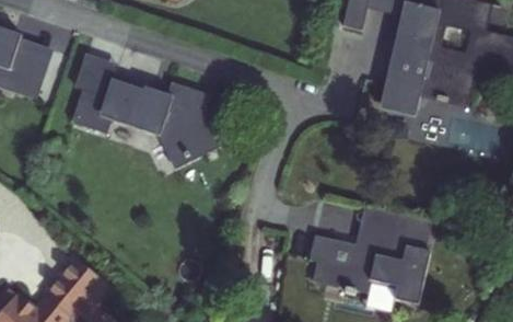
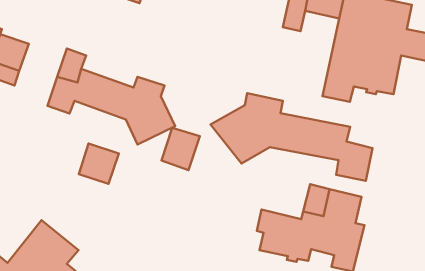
building: none -> [210,93,373,181]
building: none -> [161,128,200,170]
building: none -> [79,143,119,184]

